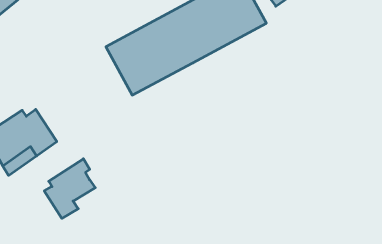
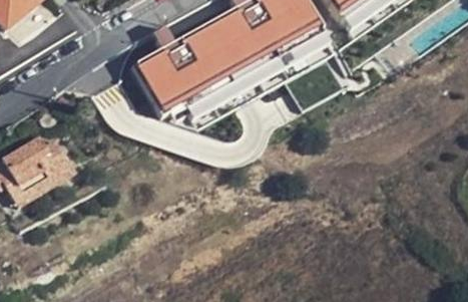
building: [44,159,95,218] -> none

